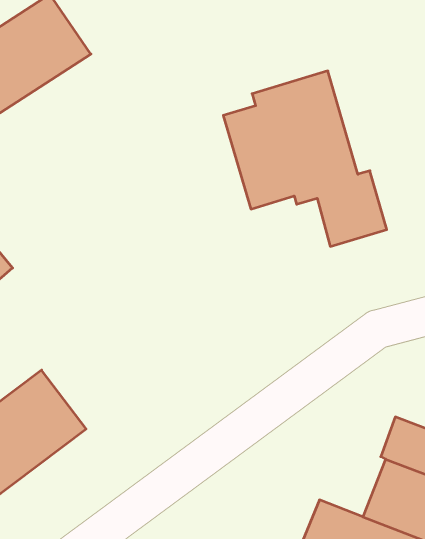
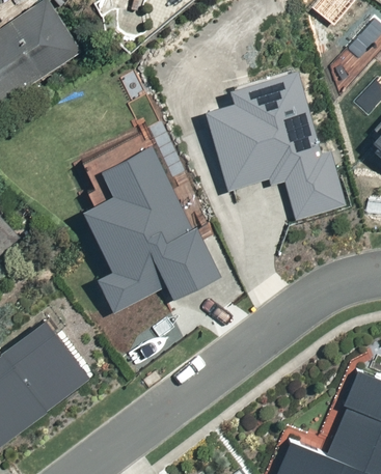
building: none -> [80,141,216,311]

